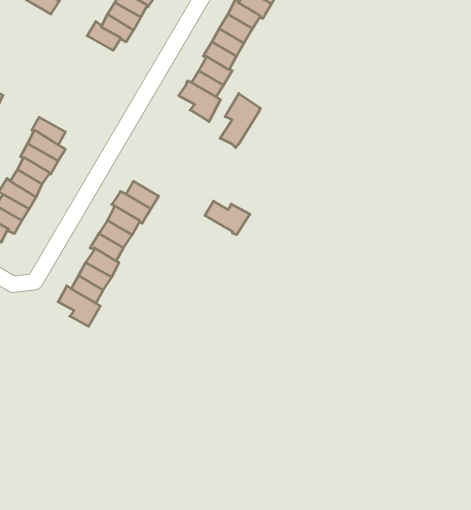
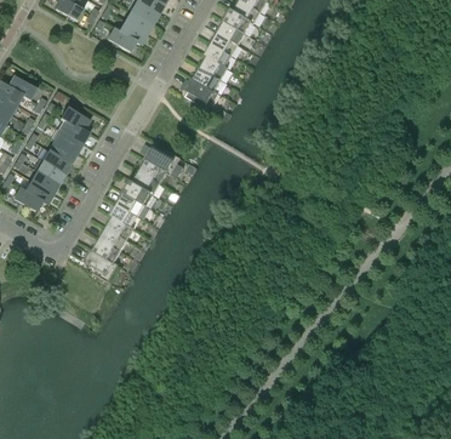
building: [220,93,260,148] -> none
building: [205,201,250,235] -> [143,146,181,173]

